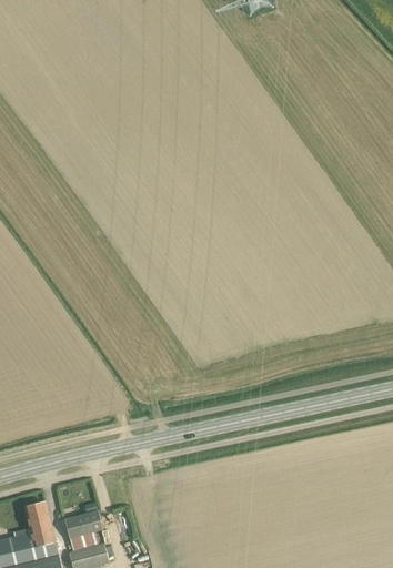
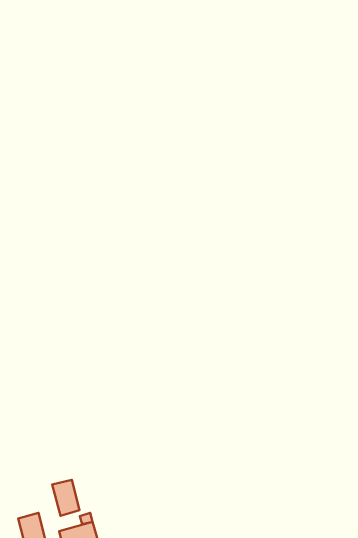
building: none -> [52,480,80,516]

